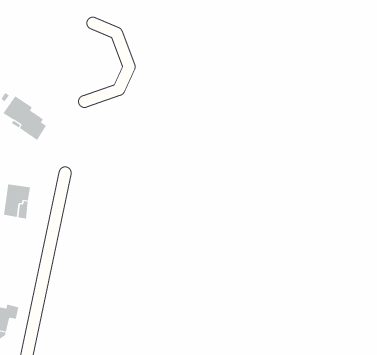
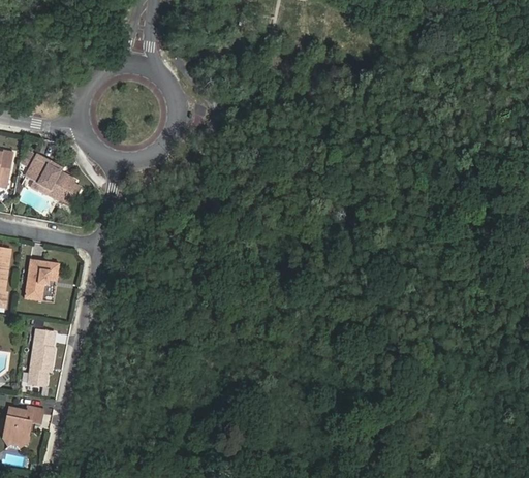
building: none -> [27,329,55,386]

